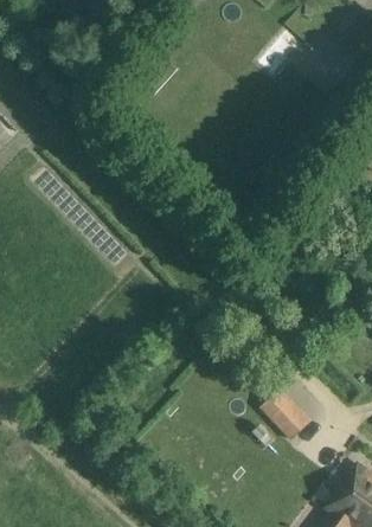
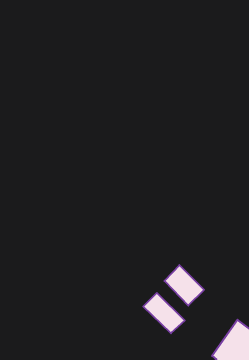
building: none -> [143,293,185,333]

